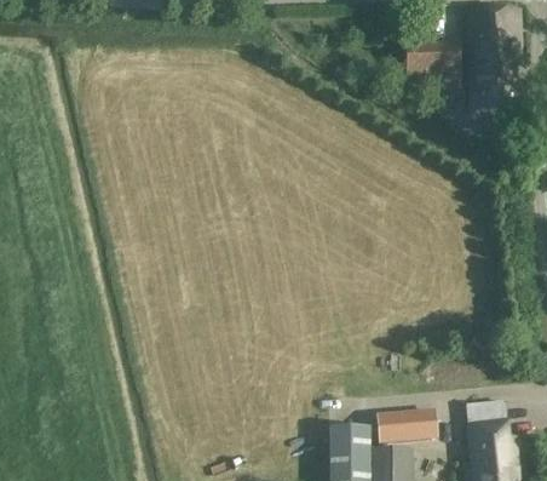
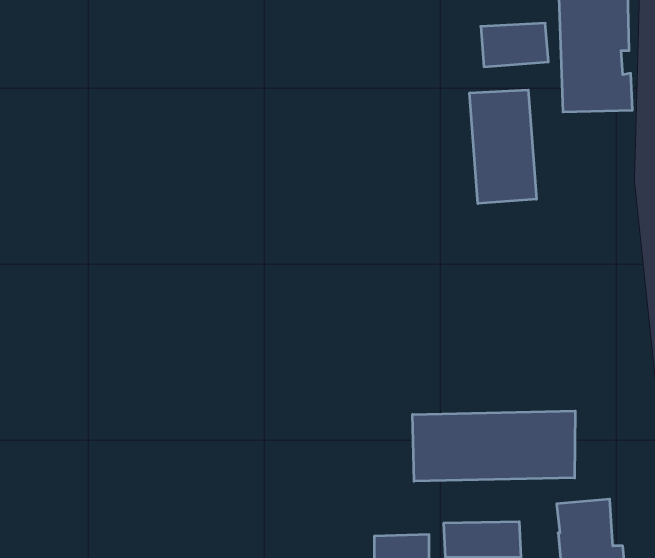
building: none -> [470,90,536,204]
building: none -> [413,411,575,481]

